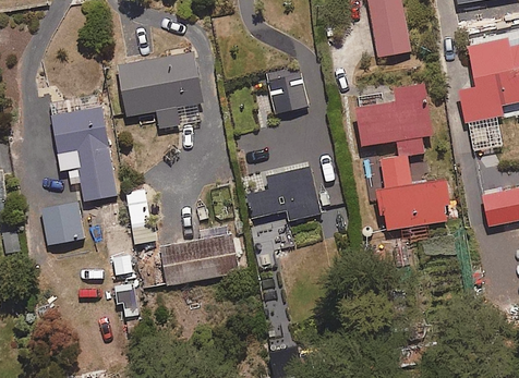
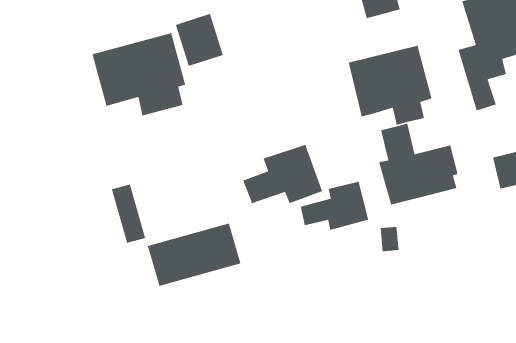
building: [265,65,307,113] -> [175,13,224,67]
building: [50,95,116,200] -> none
building: [40,204,83,244] -> none
building: none -> [300,181,369,231]

